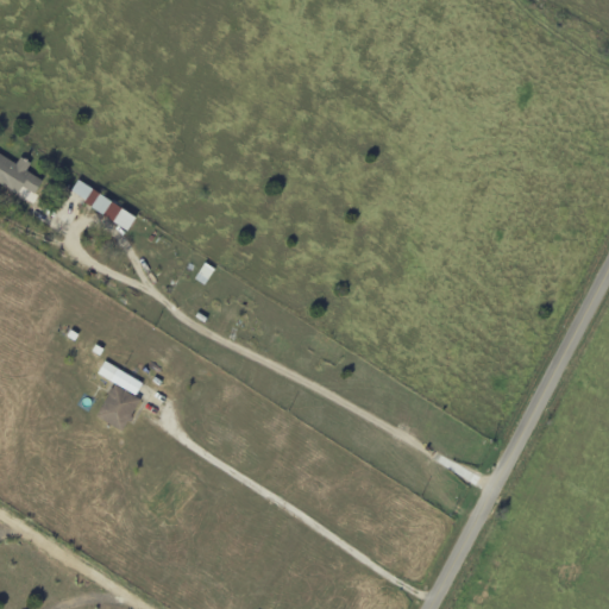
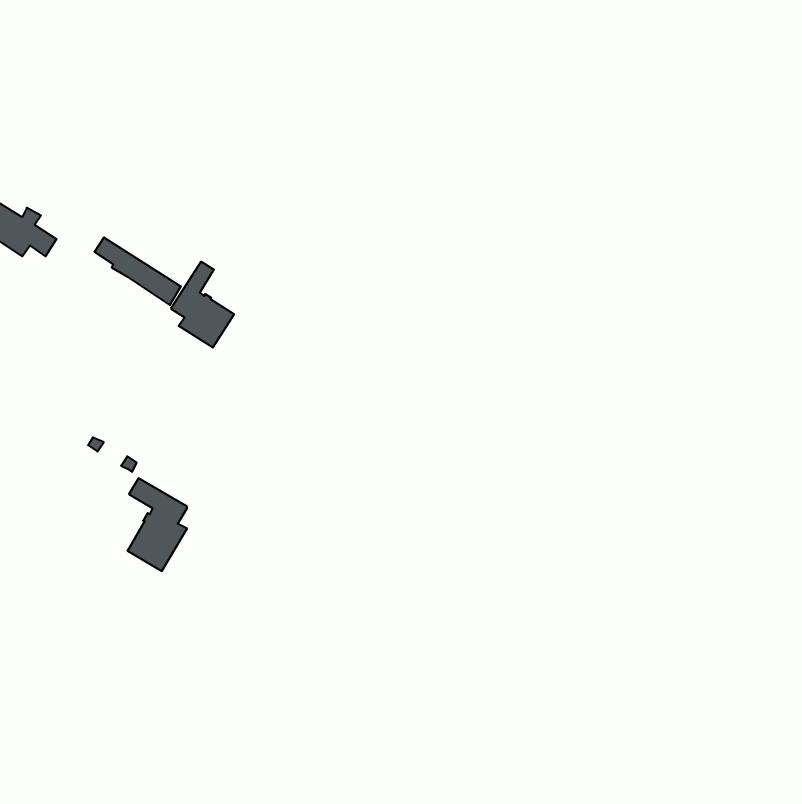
building: none -> [171,262,234,348]

